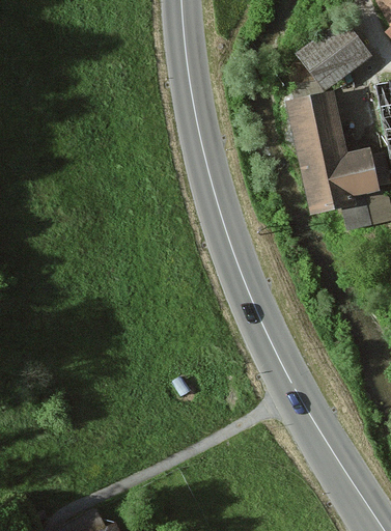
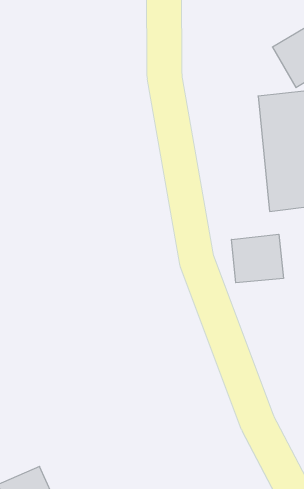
building: none -> [232,234,283,283]

